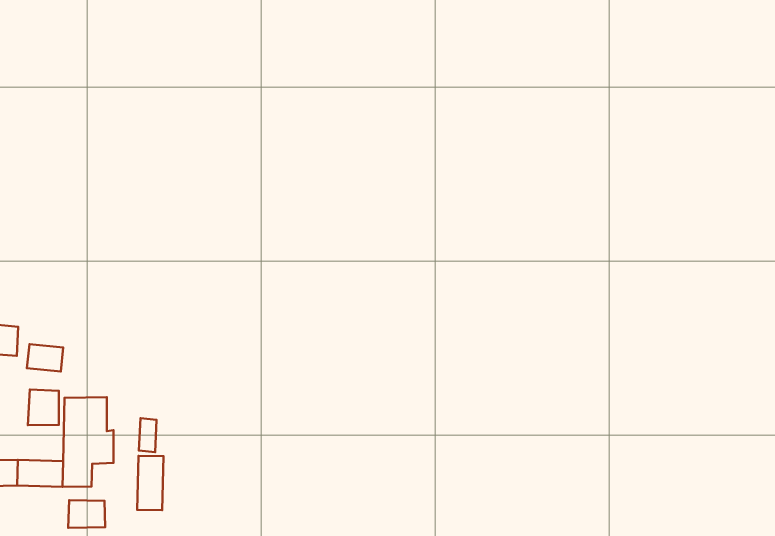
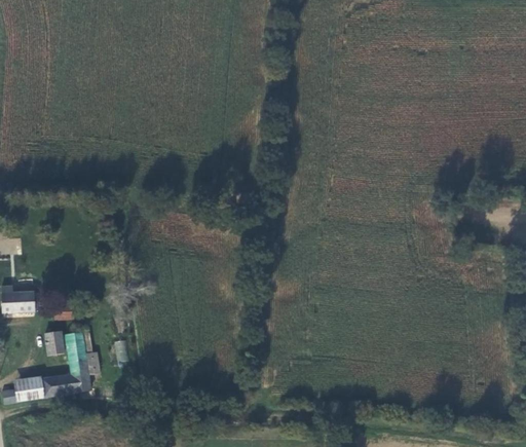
building: [137,456,163,510] -> none
building: [68,500,105,528] -> none

